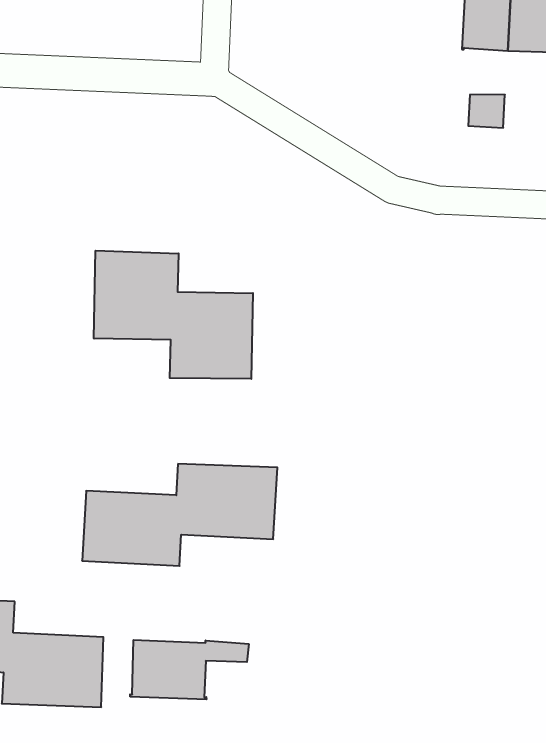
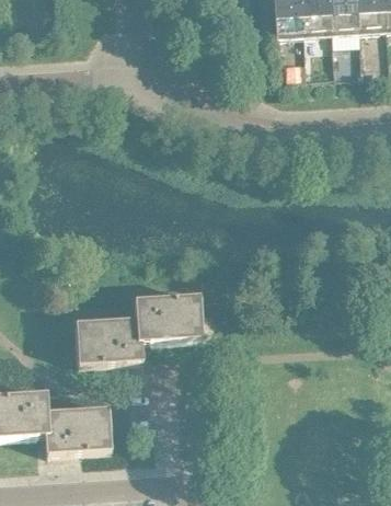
building: [94,251,253,379] -> none
building: [130,640,249,699] -> none

